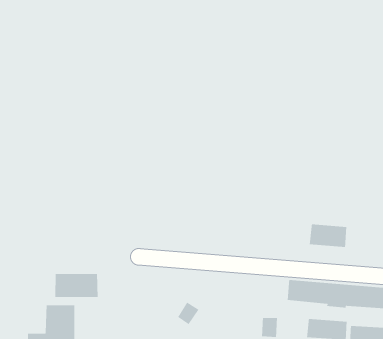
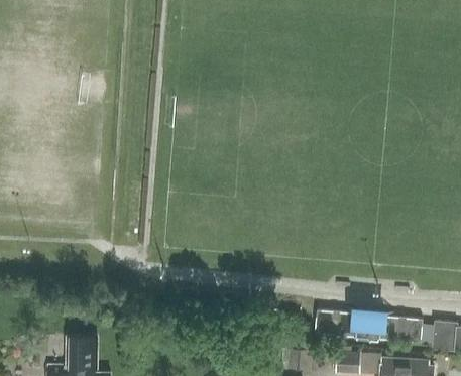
building: [309,224,347,248] -> none
building: [54,273,98,298] -> none

